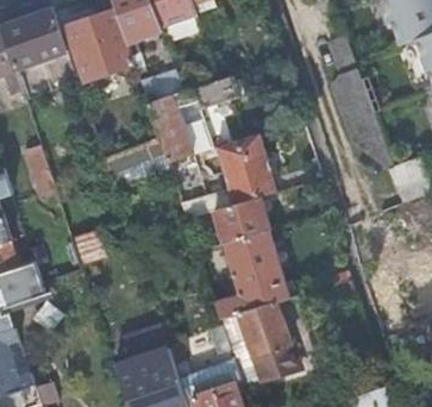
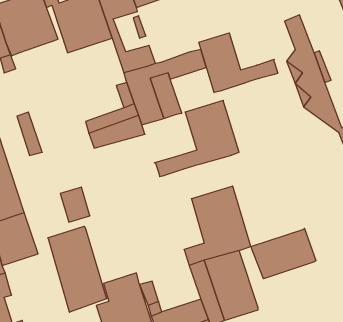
building: none -> [199,33,278,93]
building: [213,194,271,243] -> none
building: none -> [48,226,106,312]
building: none -> [251,228,316,279]

